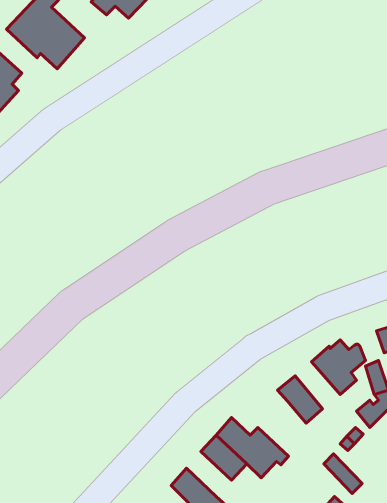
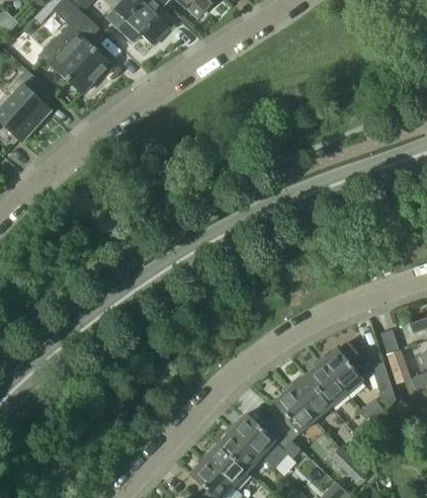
building: none -> [305,362,346,406]
building: none -> [270,389,315,441]
building: none -> [204,445,246,487]

